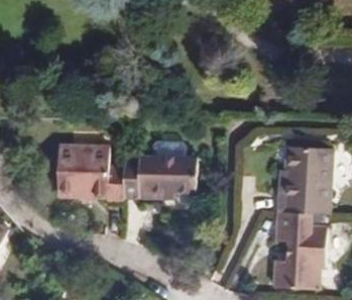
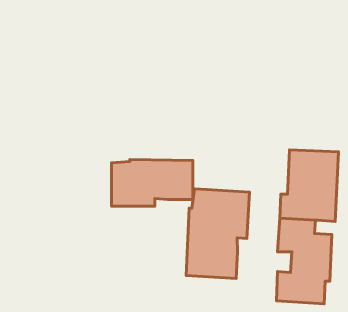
building: [56,145,122,201] -> none
building: none -> [186,189,250,279]

